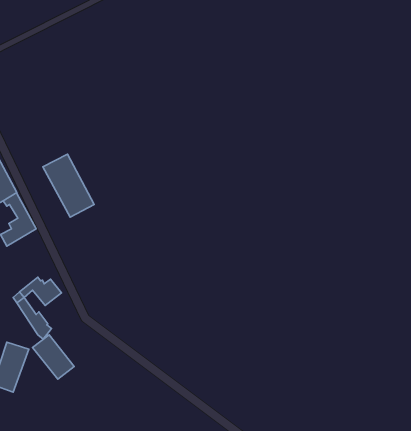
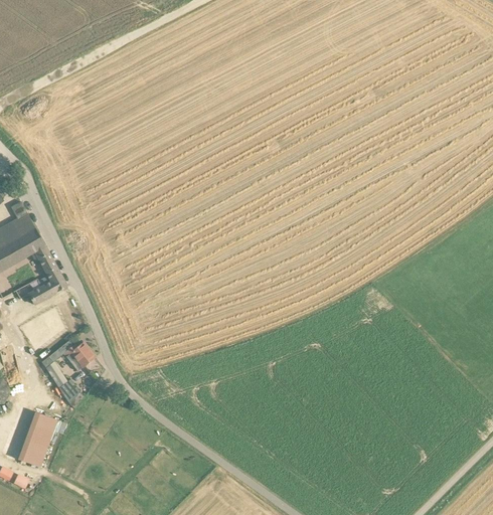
building: [43,154,94,217] -> none
building: [32,335,74,379] -> none

